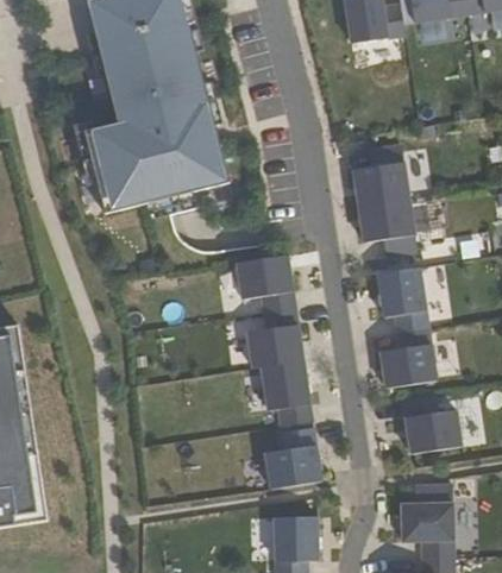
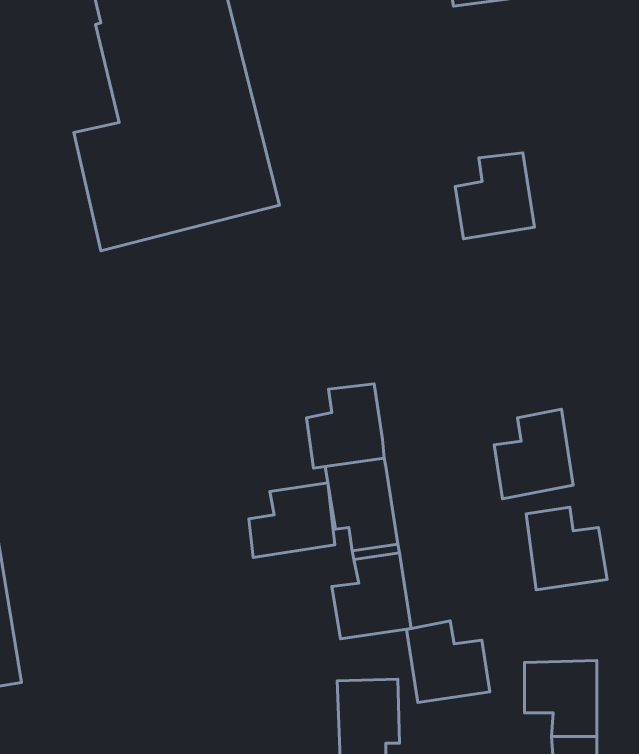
building: [358,197,416,257] -> none
building: [237,254,295,311] -> none
building: [377,266,427,332] -> none
building: none -> [249,483,335,557]
building: none -> [406,621,490,703]

